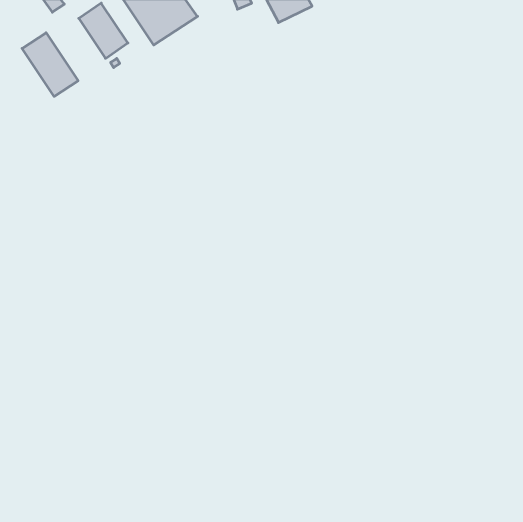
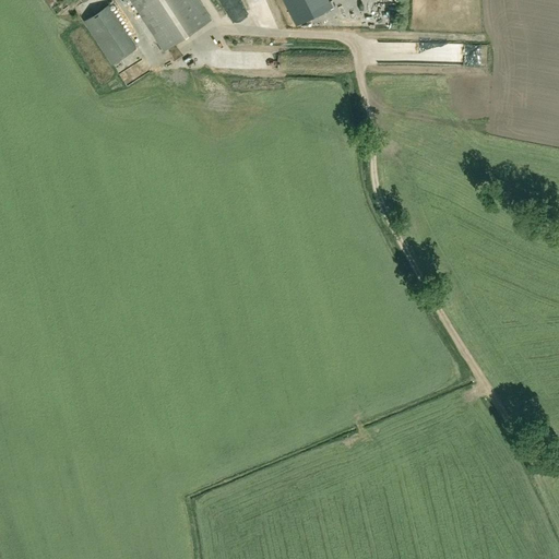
building: [22,33,78,96] -> none

